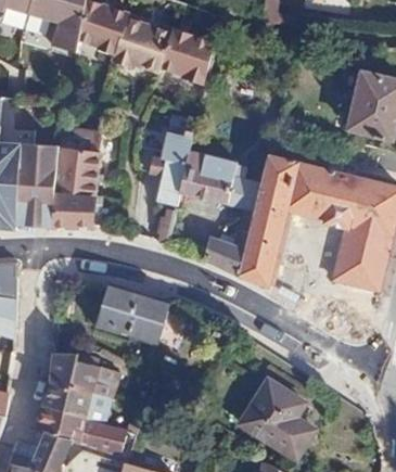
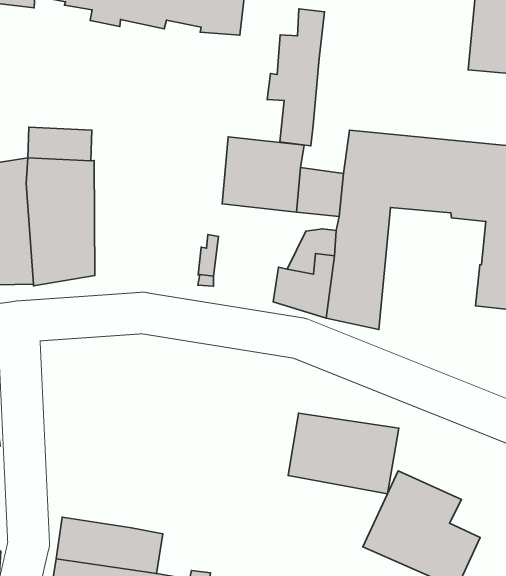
building: [152,116,196,205] -> [267,9,325,146]
building: [95,283,170,343] -> [288,413,399,494]
building: [49,352,102,392] -> none

